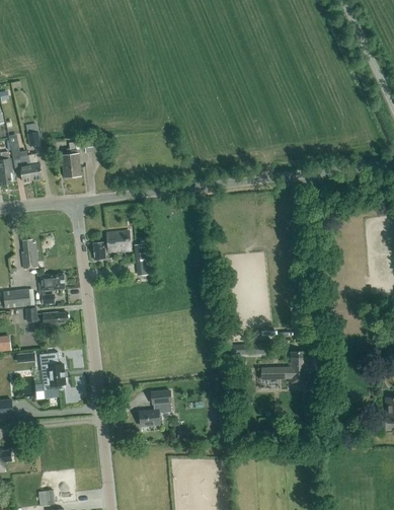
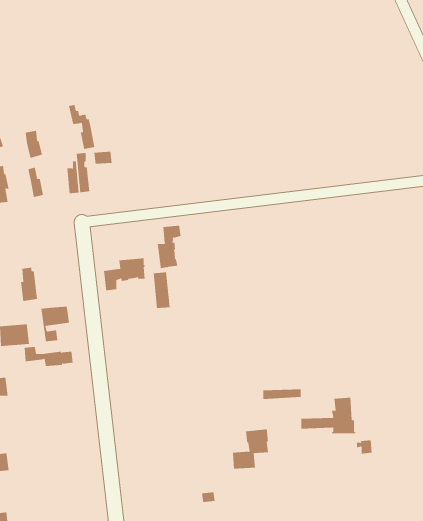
building: [9,144,32,183] -> [68,105,95,149]
building: none -> [157,225,181,269]
building: [38,352,65,391] -> none
building: [139,391,170,426] -> [232,429,269,469]

